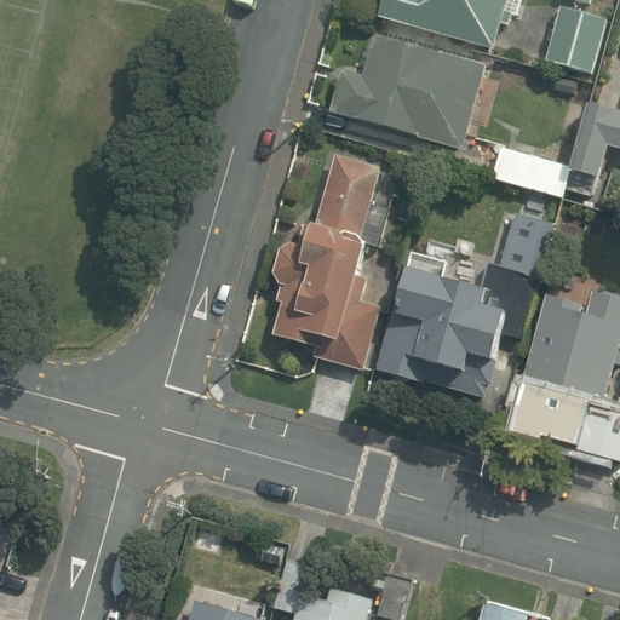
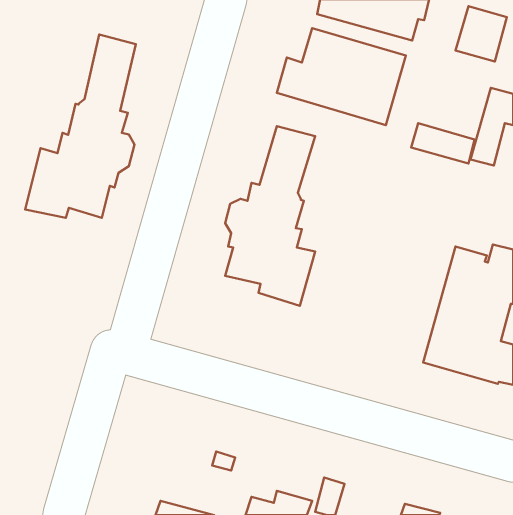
building: none -> [25,35,136,218]
building: [374,208,551,394] -> none

